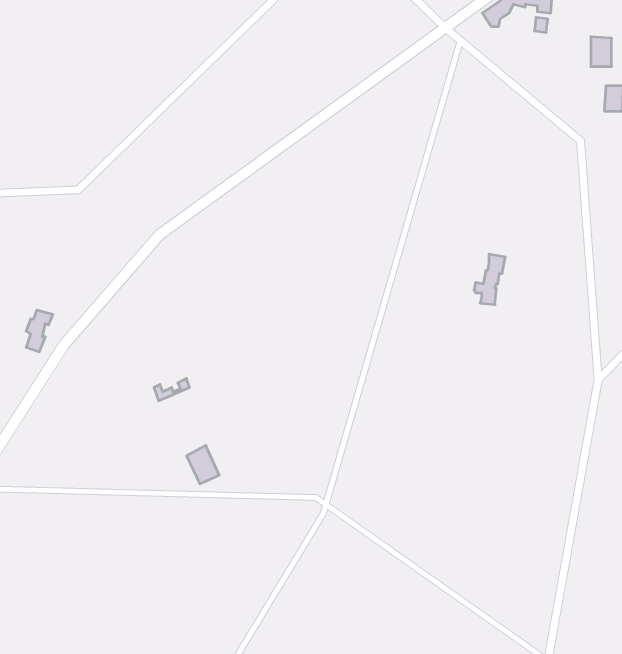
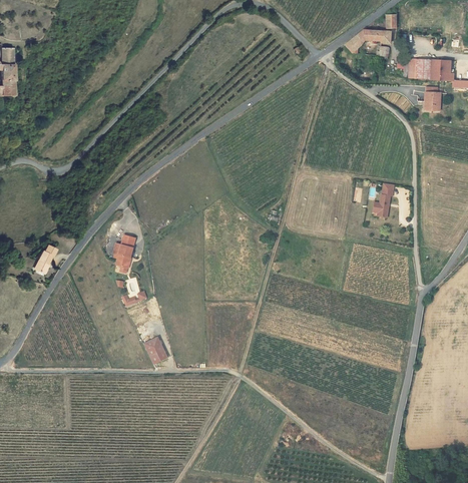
building: [474,254,505,305] -> [373,183,394,217]
building: none -> [114,235,136,268]

